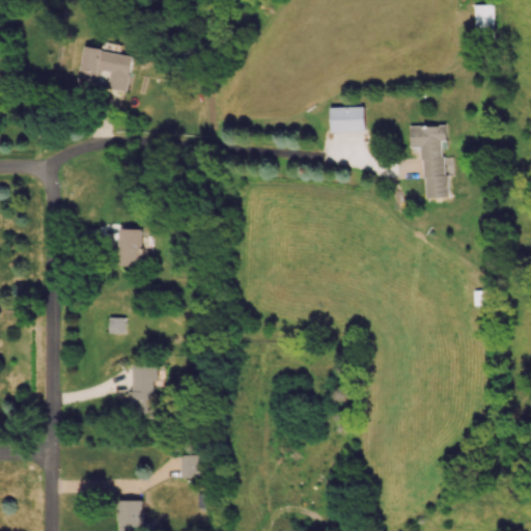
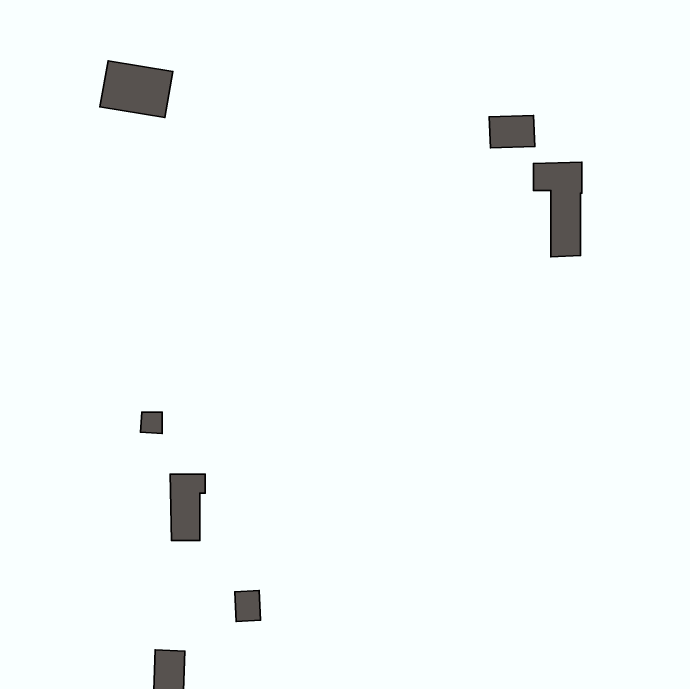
building: [474,5,494,30] -> none
building: [330,107,365,132] -> [489,115,535,148]
building: [118,228,143,267] -> none

